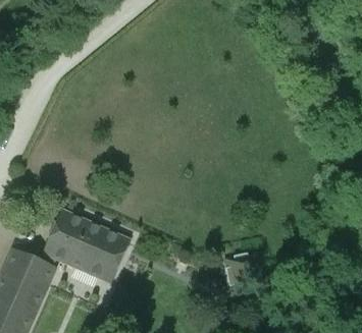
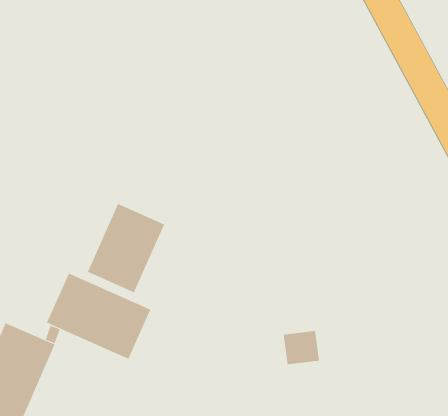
building: none -> [87,203,165,293]

